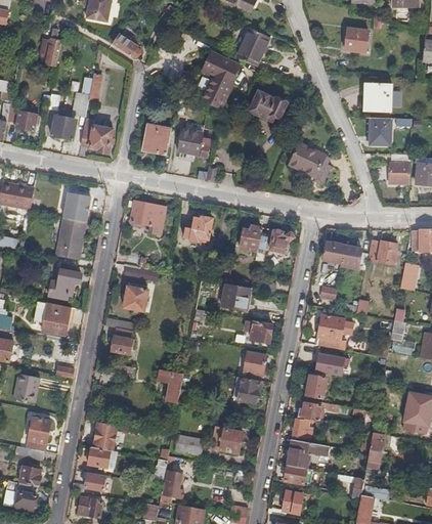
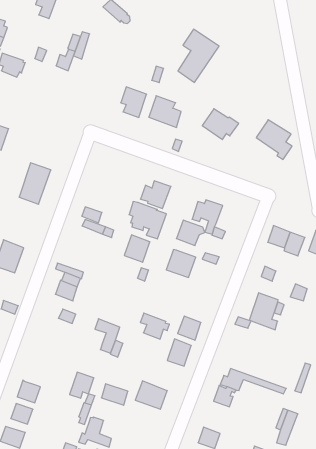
building: [234,26,268,64] -> none
building: [248,89,286,120] -> [202,109,239,140]
building: [51,115,76,140] -> none
building: [80,119,114,154] -> none
building: [61,192,88,222] -> none
building: [127,202,166,236] -> [129,202,166,239]
building: [265,230,294,255] -> [176,220,205,246]
building: [48,270,80,300] -> none
building: [123,285,147,311] -> [124,235,150,262]
building: [245,320,275,345] -> [140,313,169,339]
building: [317,353,348,375] -> none
building: [305,376,327,399] -> none
building: [92,423,115,449] -> [70,372,94,398]
building: [287,440,330,469] -> none

